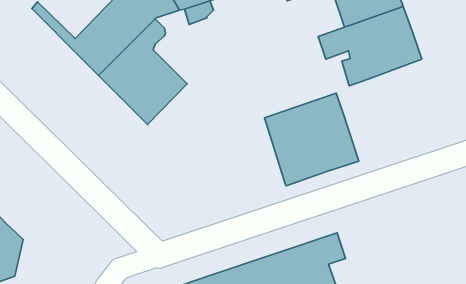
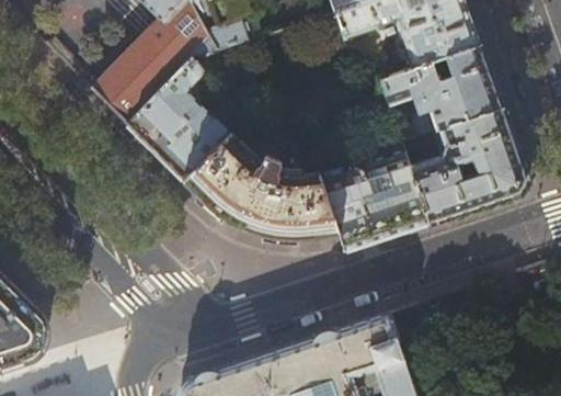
building: none -> [408,106,526,225]
building: none -> [181,135,335,239]

